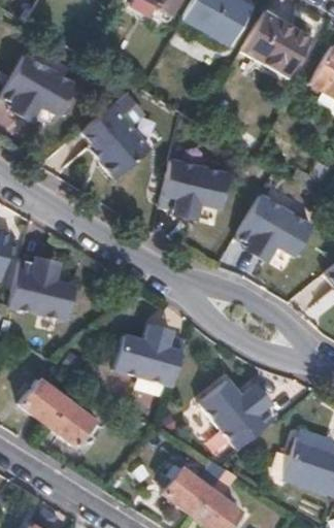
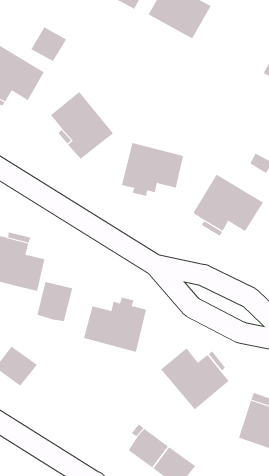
building: [240,10,310,78] -> none
building: none -> [30,27,67,62]
building: none -> [37,281,73,322]
building: [48,399,95,444] -> none

